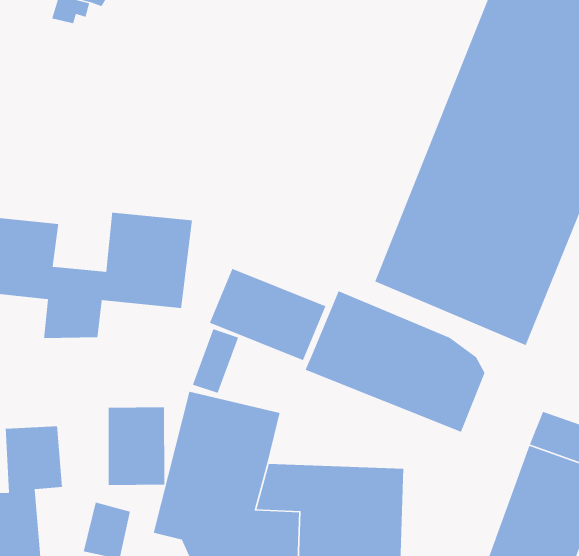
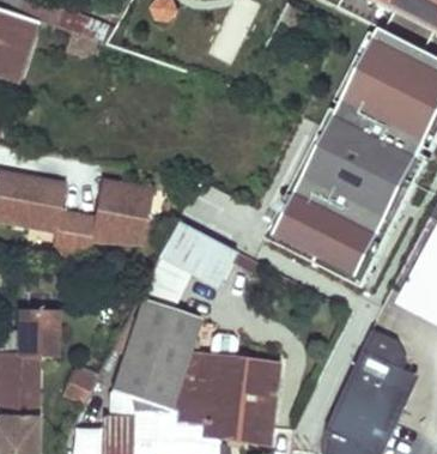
building: [305,290,485,433] -> none
building: [108,407,165,486] -> none

